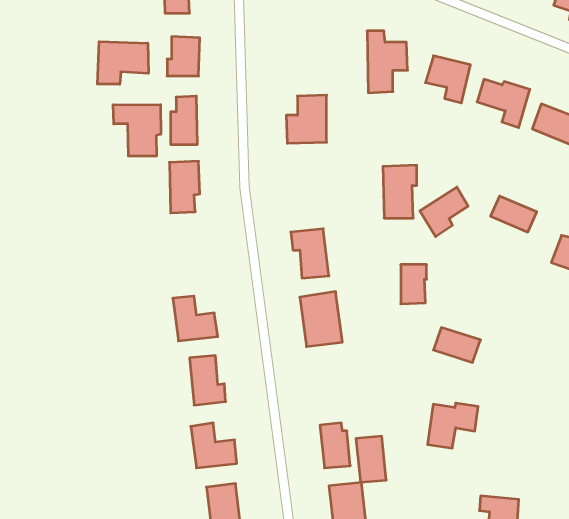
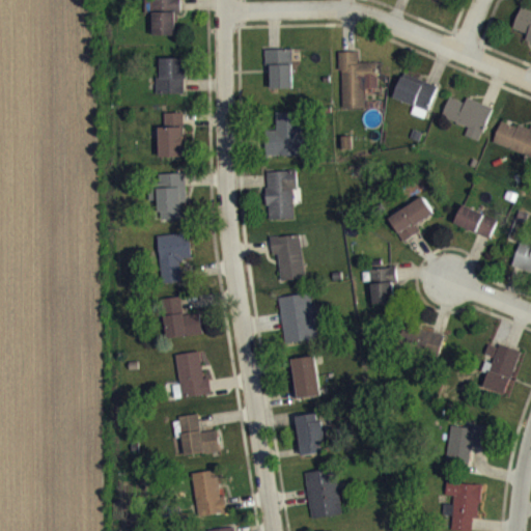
building: none -> [263,49,291,88]
building: [97,42,148,84] -> none
building: [113,105,161,156] -> none
building: [383,165,417,218] -> [264,170,296,219]
building: none -> [158,233,190,283]
building: none -> [483,344,516,394]
building: [428,403,478,448] -> [444,424,491,466]
building: [356,436,386,482] -> [291,356,319,398]

